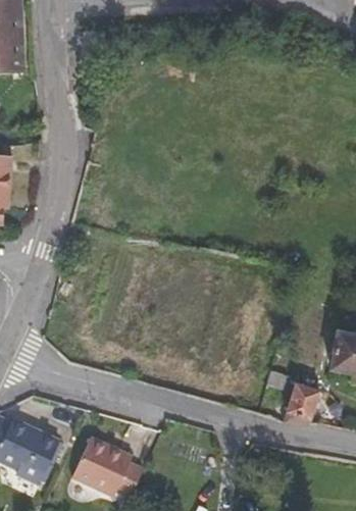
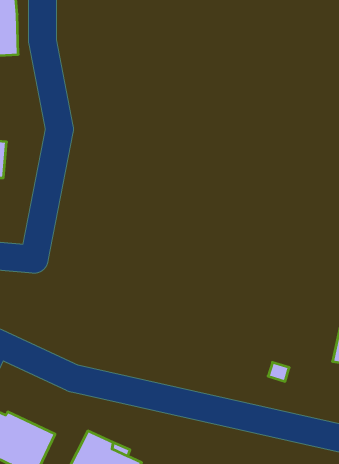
building: [282,384,319,422] -> none

